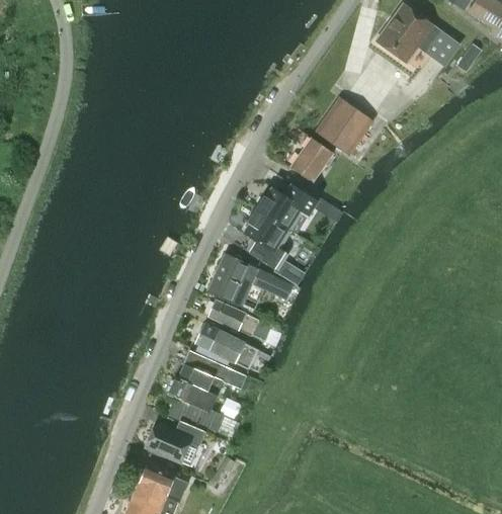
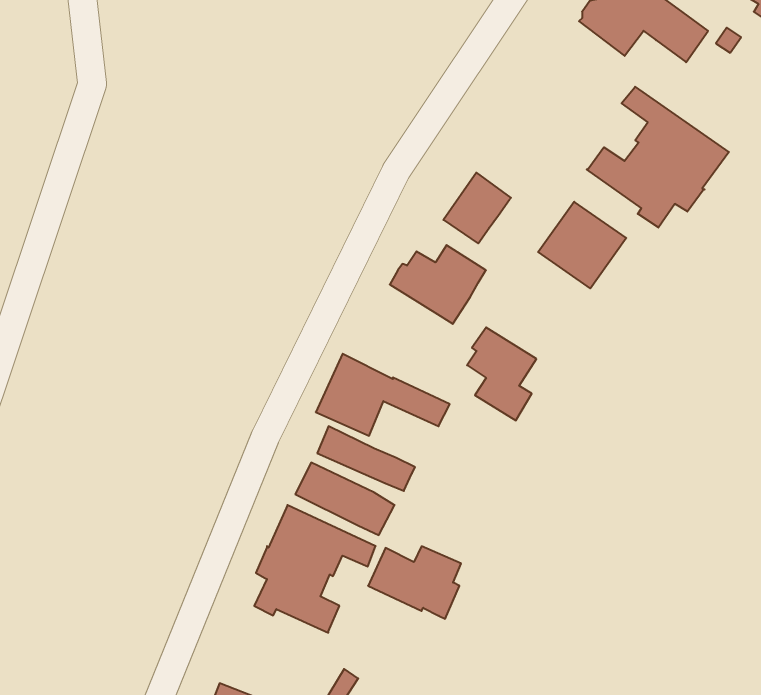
building: none -> [587,87,729,228]
building: [317,98,373,154] -> [538,202,626,288]
building: [244,208,288,268] -> [467,327,536,420]
building: [146,421,205,467] -> [368,546,461,619]

